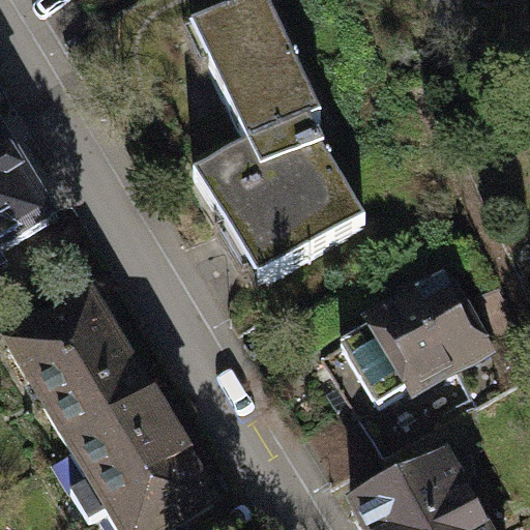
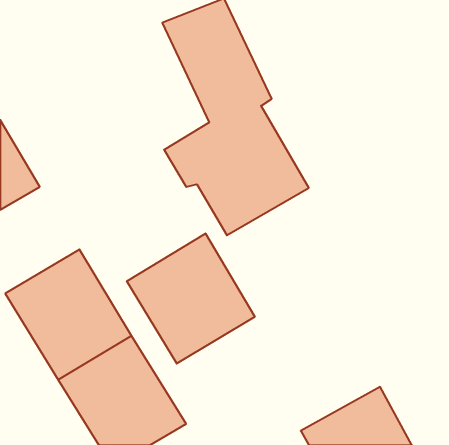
building: none -> [127,233,255,364]
building: [341,279,484,404] -> none

